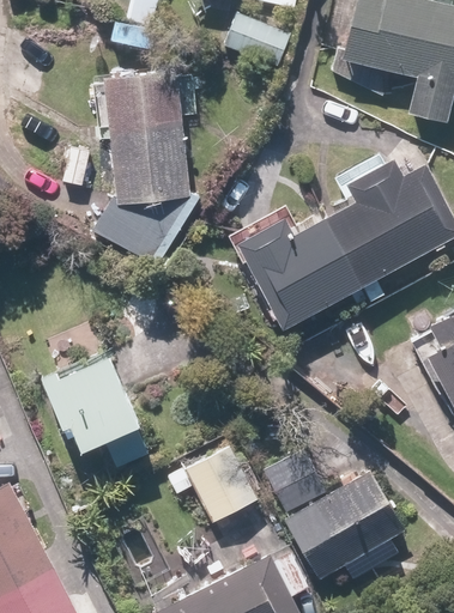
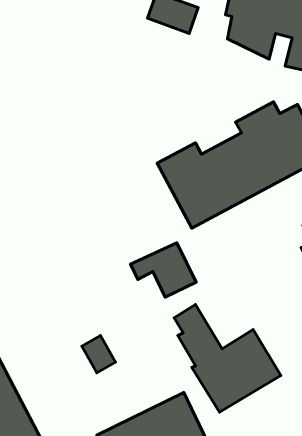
building: [95,69,199,269] -> none
building: [44,354,153,466] -> none
building: [167,448,255,521] -> [131,243,196,297]

